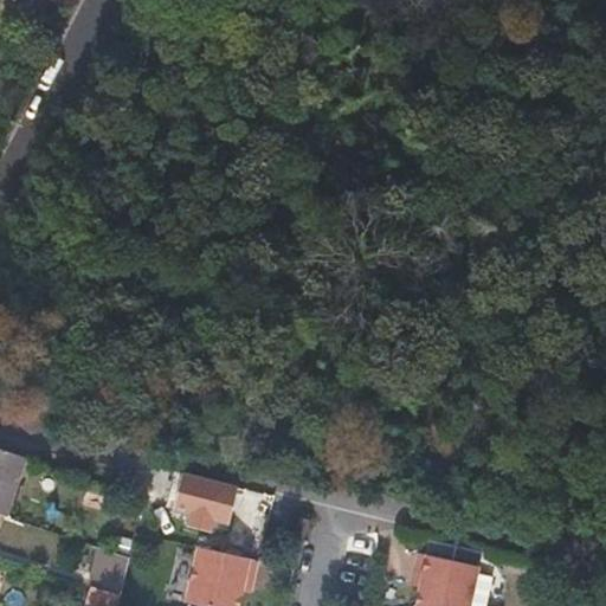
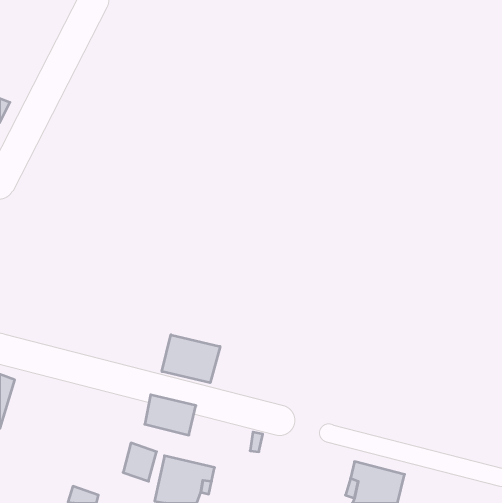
building: none -> [162,335,220,383]
building: [88,549,128,595] -> [123,443,157,481]

